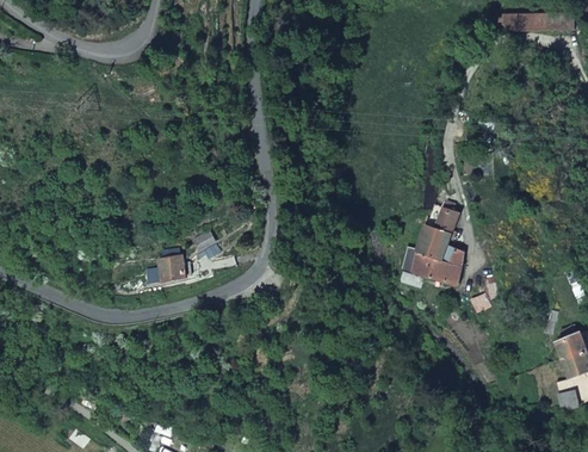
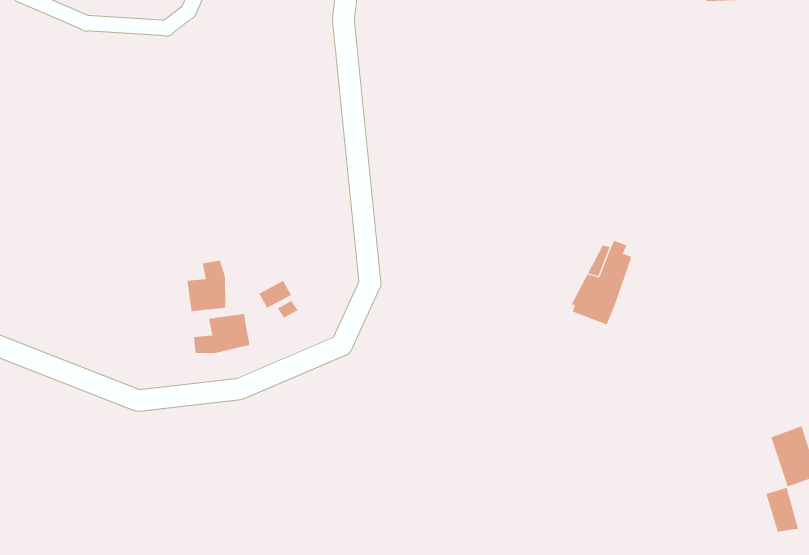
building: none -> [187,260,226,312]
building: [403,246,464,286] -> none

